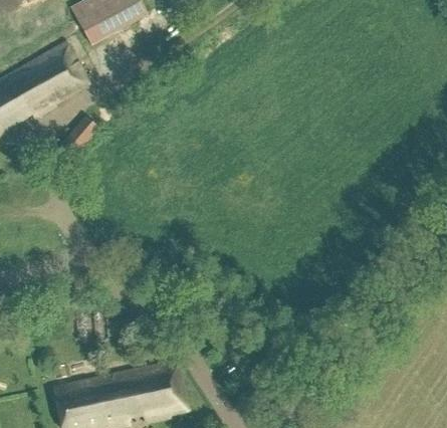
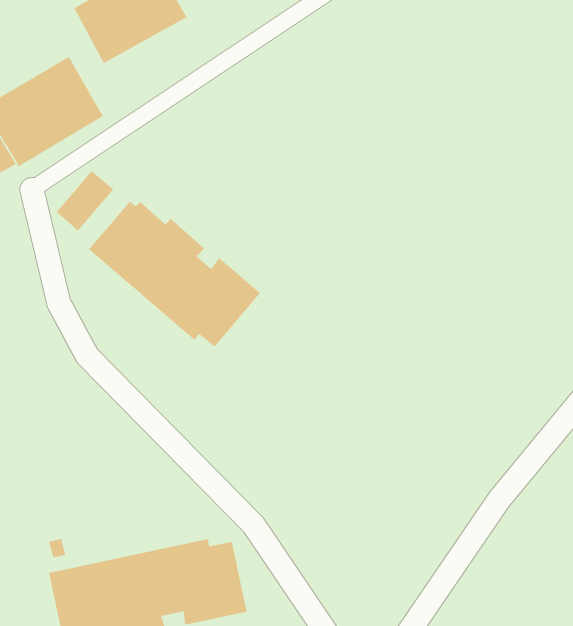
building: none -> [88,201,261,347]

